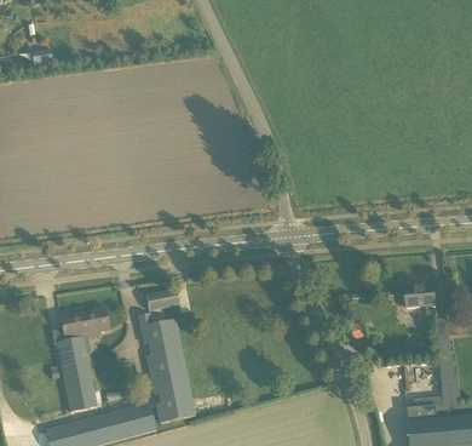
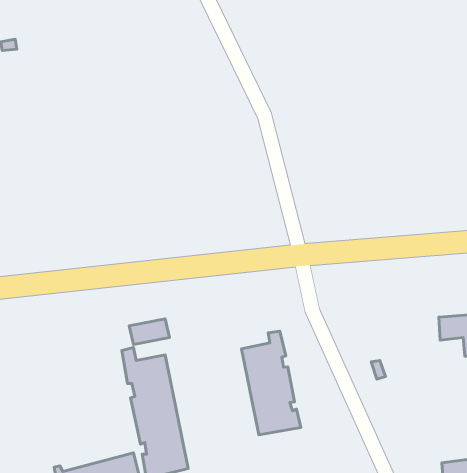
building: none -> [241,331,301,435]
building: [57,307,109,411] -> none

